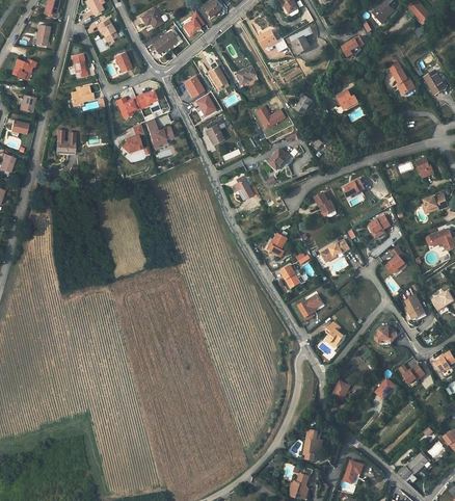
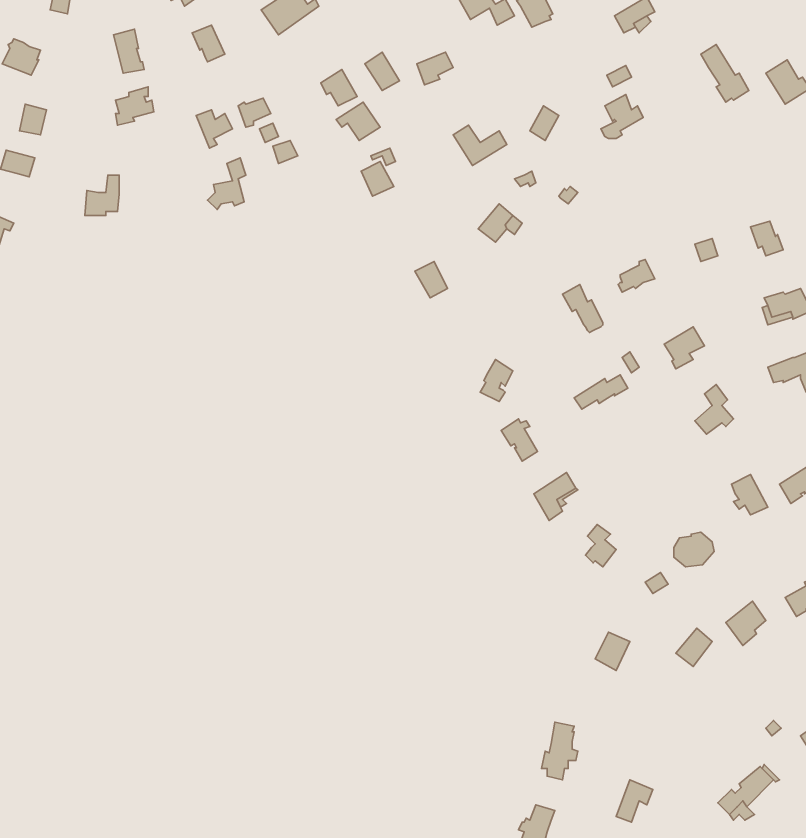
building: [144,118,173,150] -> none

